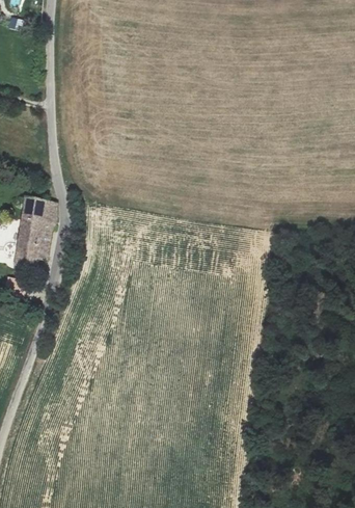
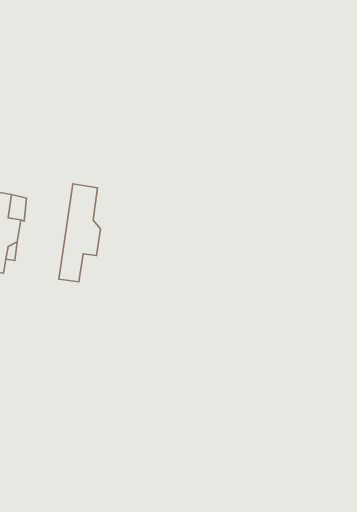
building: none -> [59,184,100,282]

